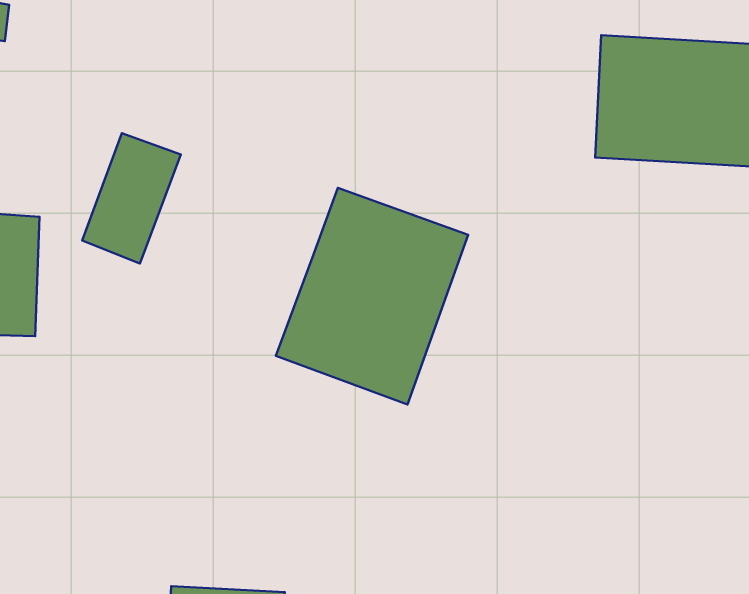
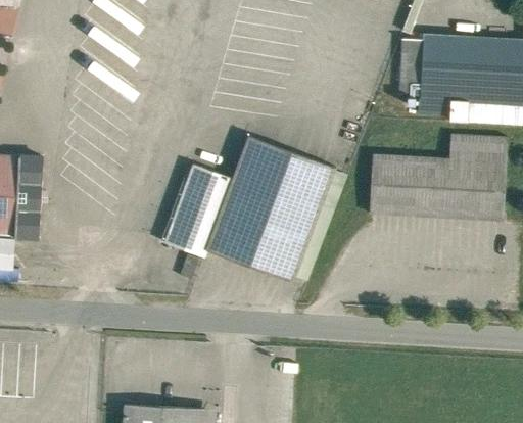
building: [82,133,181,263] -> [160,167,227,254]
building: none -> [369,133,512,219]

